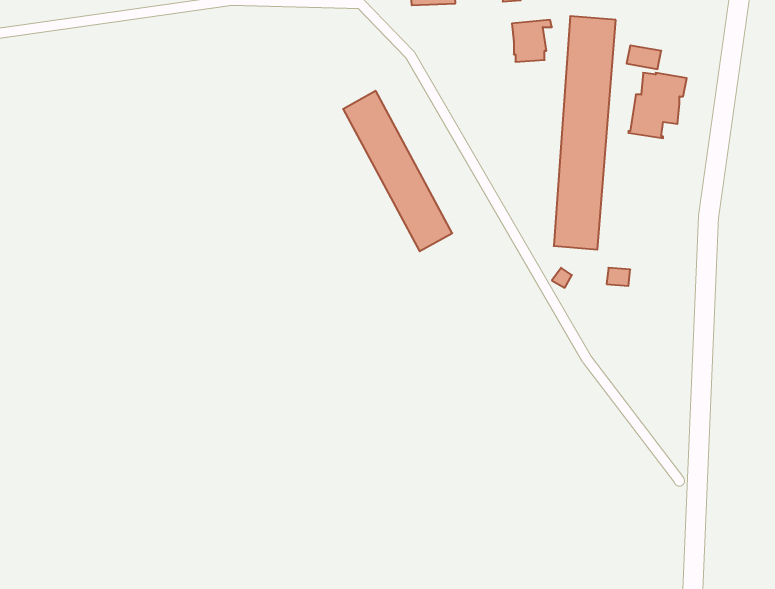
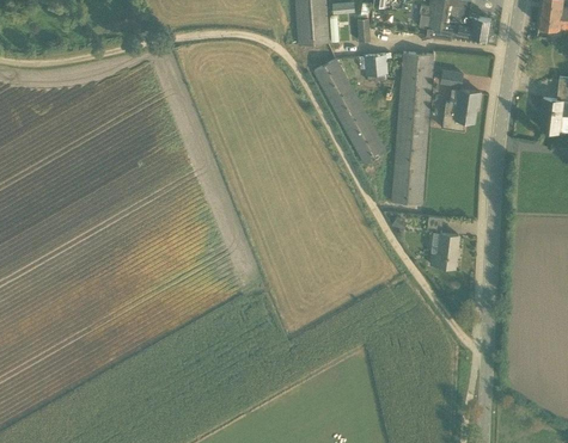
building: [343,91,452,251] -> [314,59,386,164]
building: none -> [430,233,458,267]

